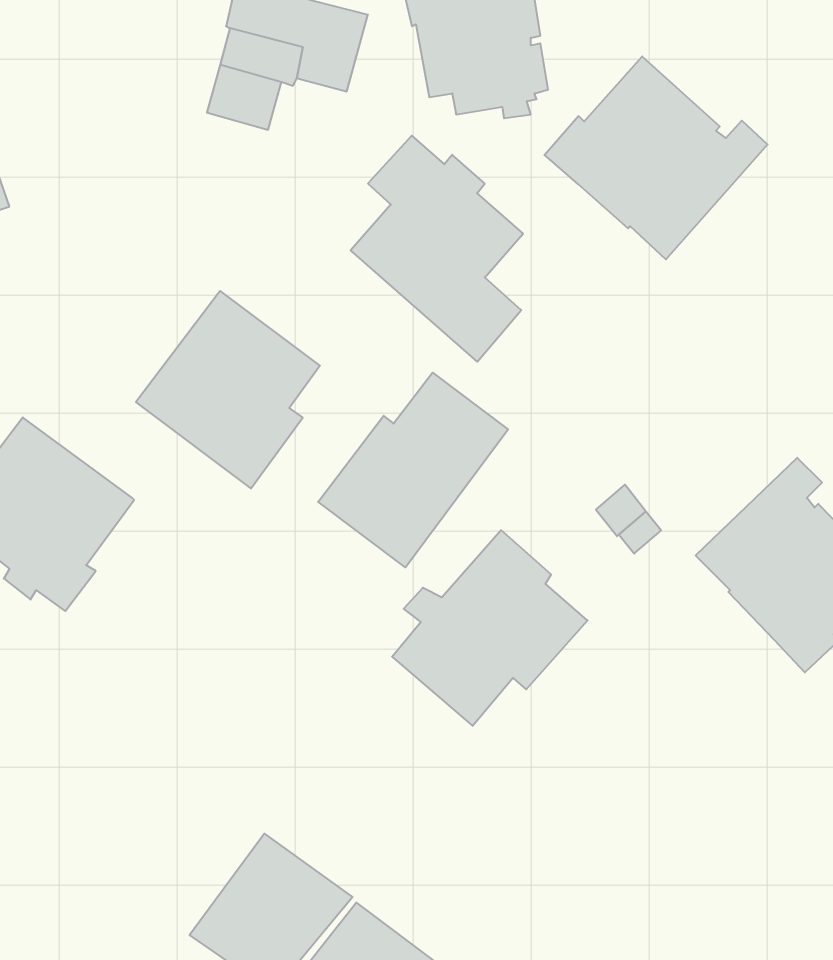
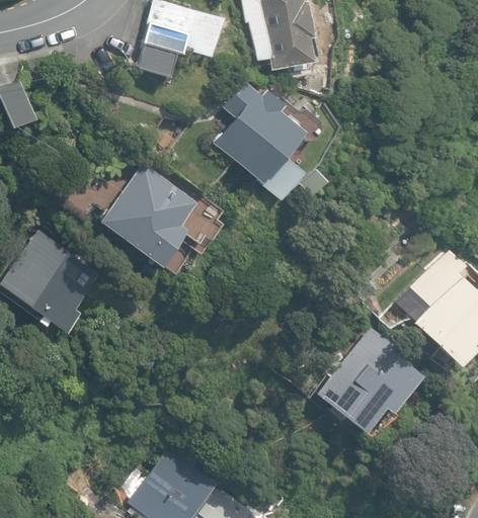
building: [544,56,768,259] -> none
building: [318,373,508,567] -> none
building: [392,530,588,726] -> [316,327,419,430]

